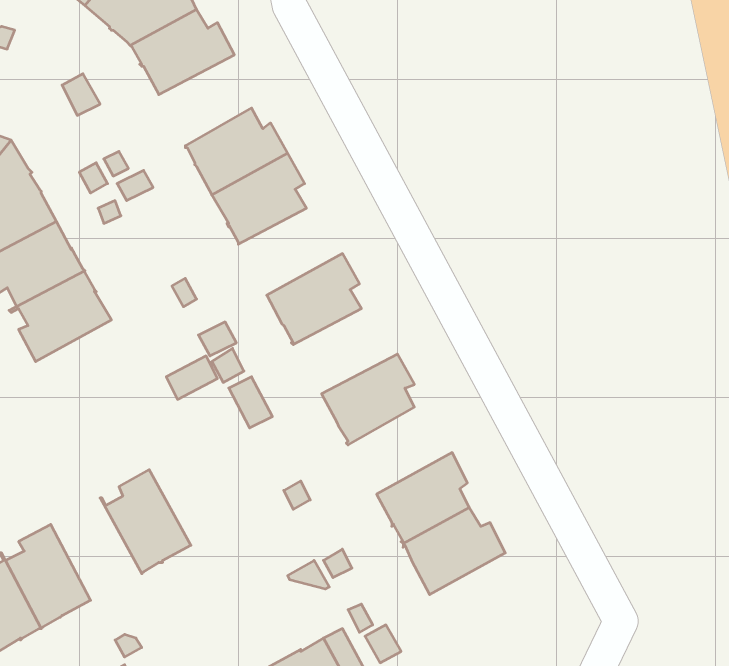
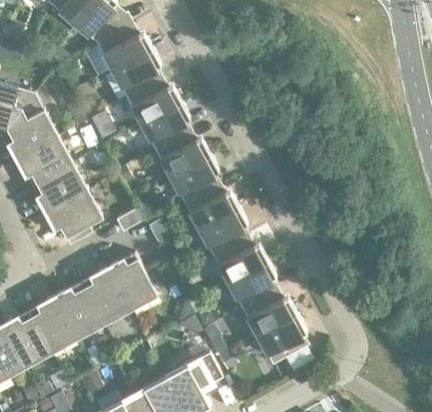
building: none -> [111,50,160,98]
building: none -> [153,131,208,177]
building: none -> [182,184,238,230]
building: none -> [46,190,101,247]
building: none -> [211,237,267,283]
building: none -> [106,256,155,310]
building: none -> [54,285,102,339]
building: none -> [255,314,307,366]

